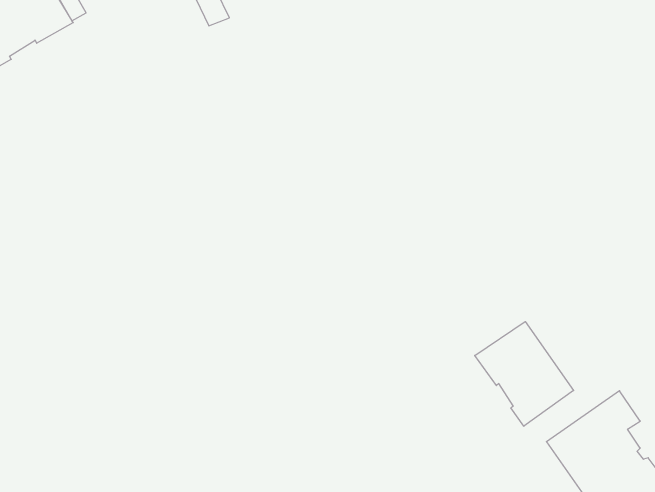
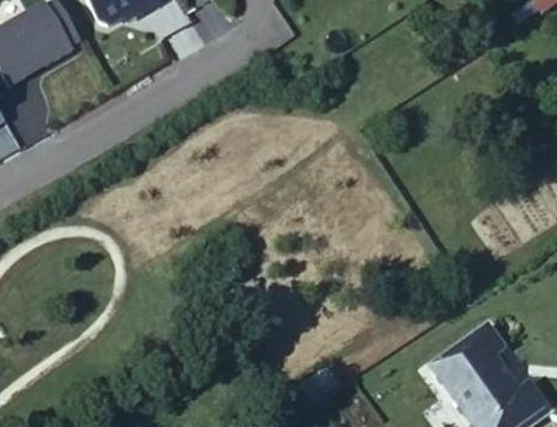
building: [475,322,574,426] -> none

